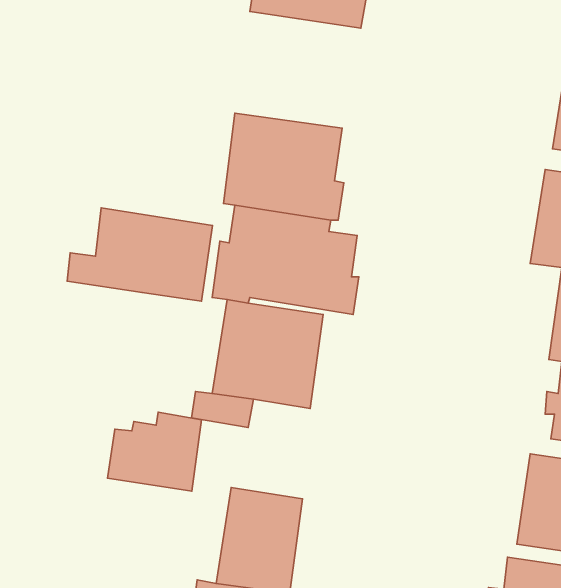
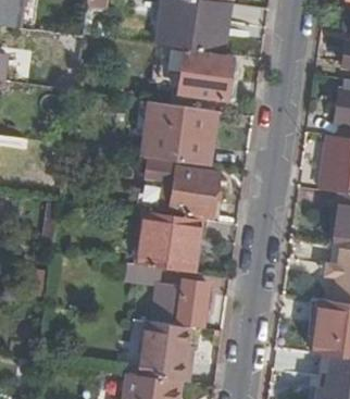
building: none -> [179,49,233,101]
building: [67,208,213,301] -> none
building: [107,412,201,491] -> [154,279,209,325]

